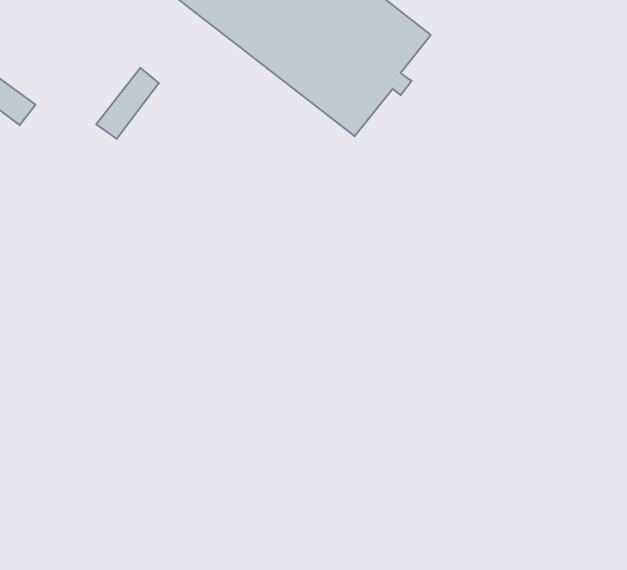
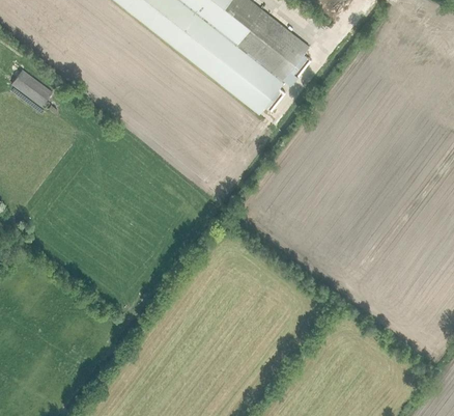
building: [96,68,159,139] -> none

